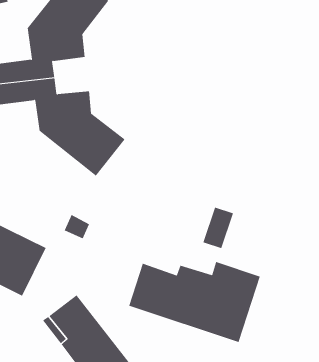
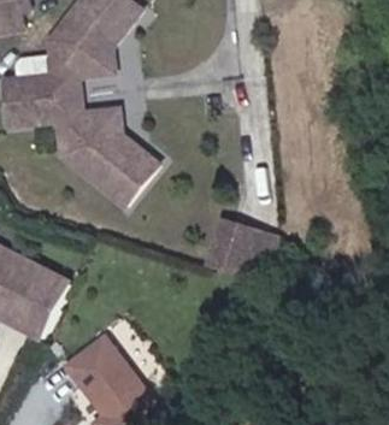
building: none -> [216,226,257,276]
building: [129,261,261,343] -> none

